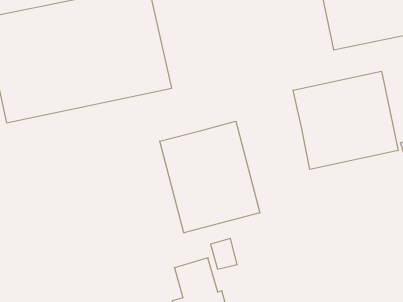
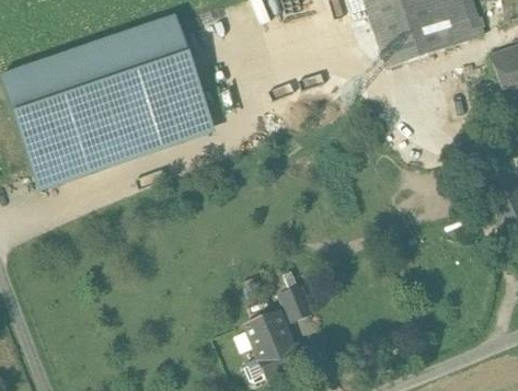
building: [293,71,398,169] -> none
building: [160,121,260,233] -> none

